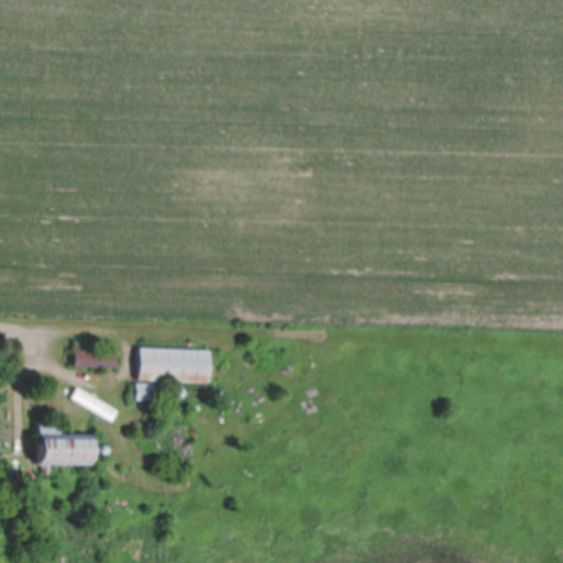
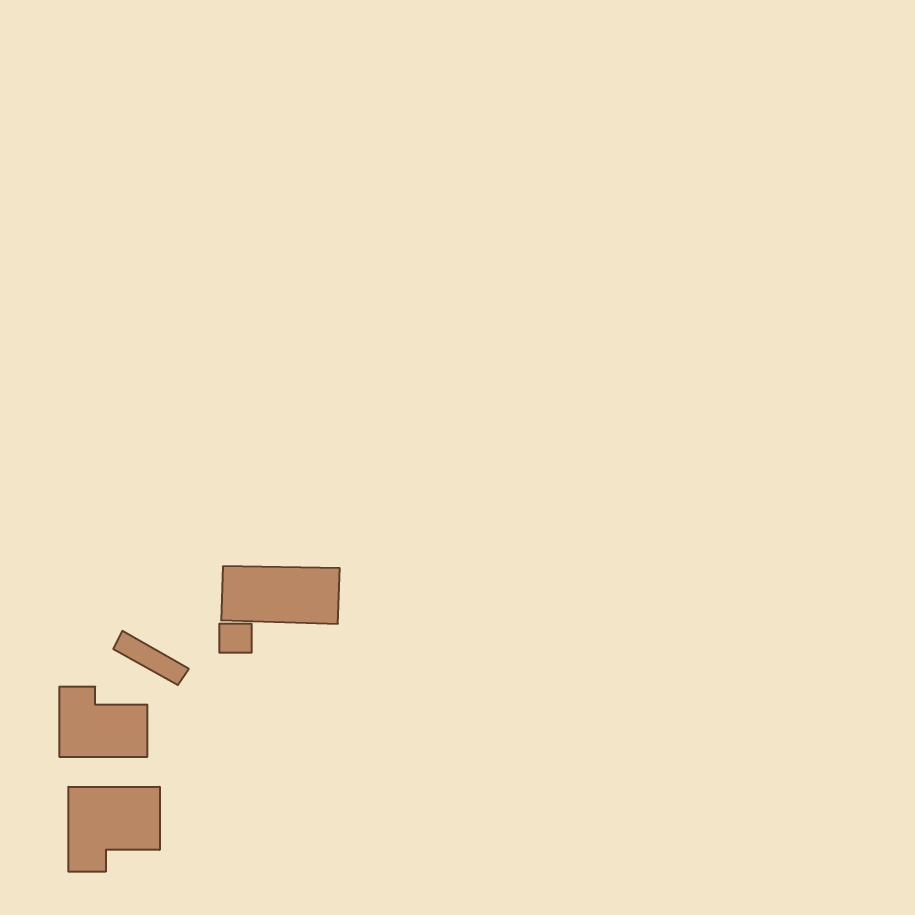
building: [75,350,118,369] -> none
building: none -> [68,787,160,872]

